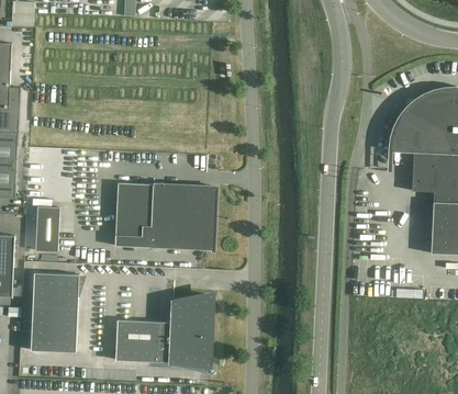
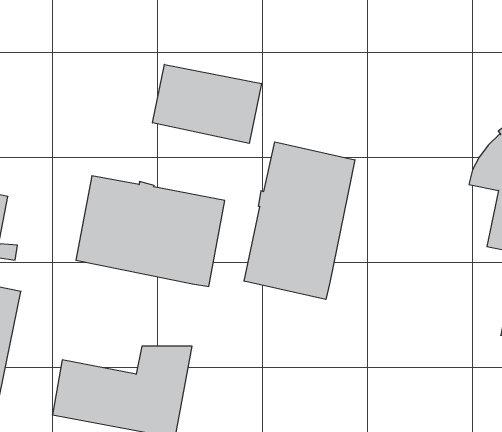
building: none -> [153,64,262,143]
building: none -> [244,142,355,299]

